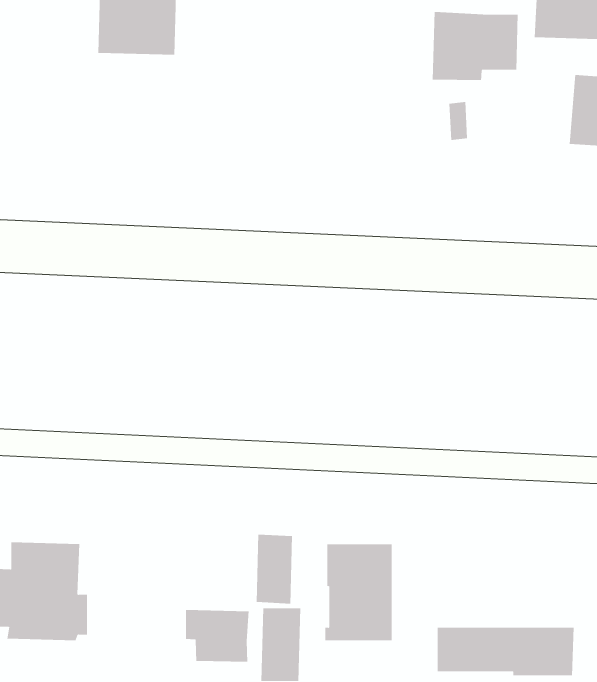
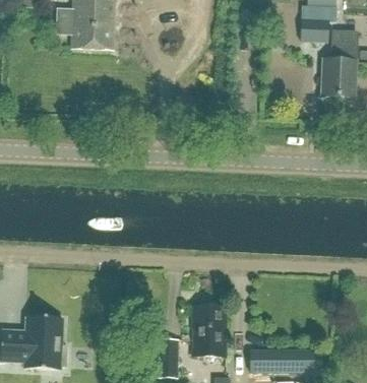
building: [432,11,518,81] -> none
building: [256,534,293,604] -> none
building: [185,609,249,663] -> none

